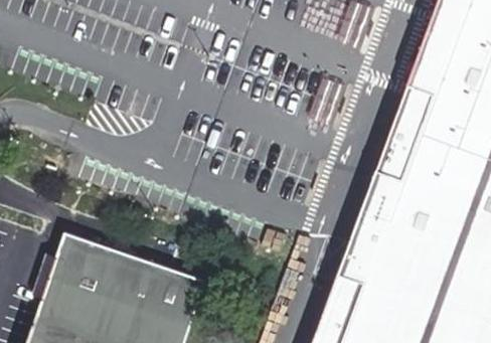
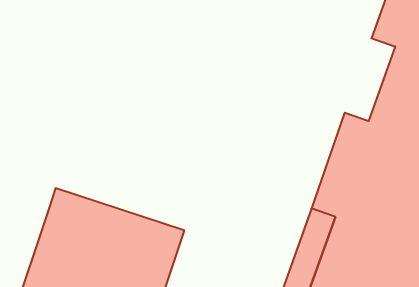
building: [383,70,439,161] -> none

